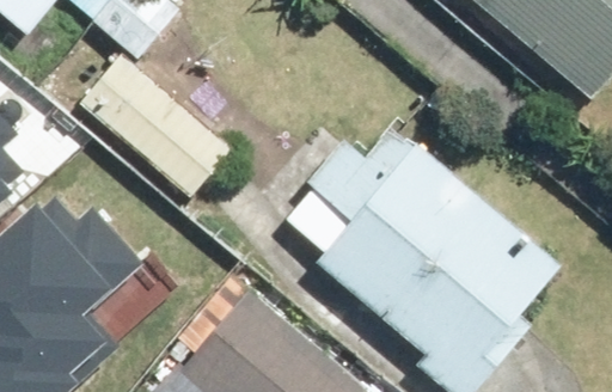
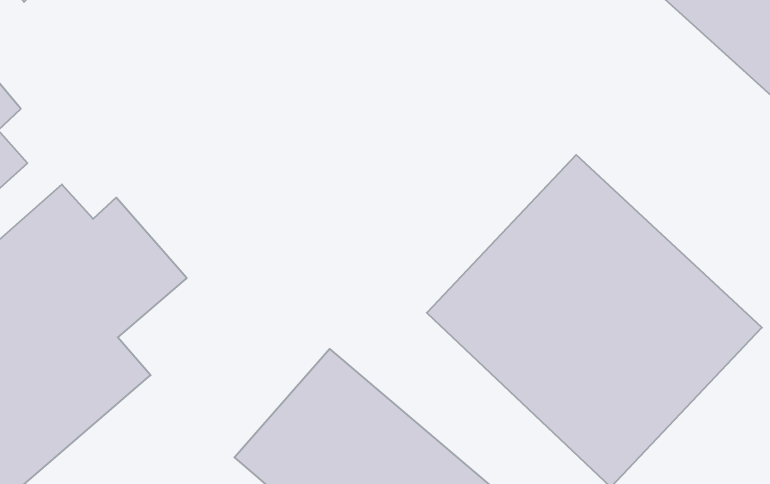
building: [81,54,234,201] -> none

